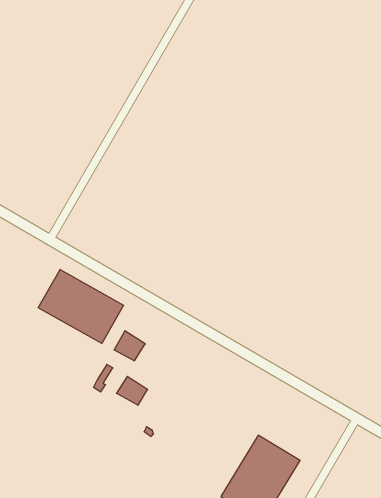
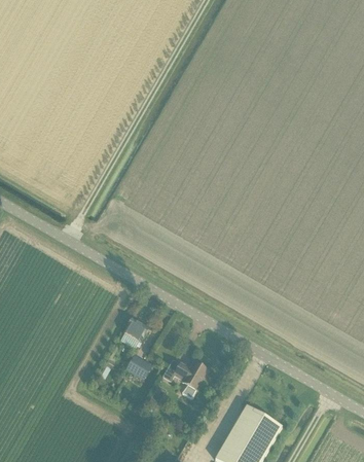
building: [38,269,124,343] -> none
building: none -> [161,359,208,398]

